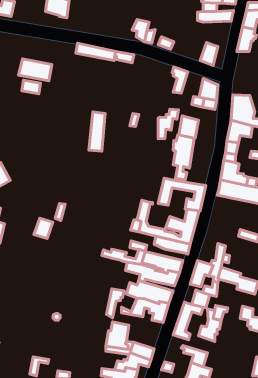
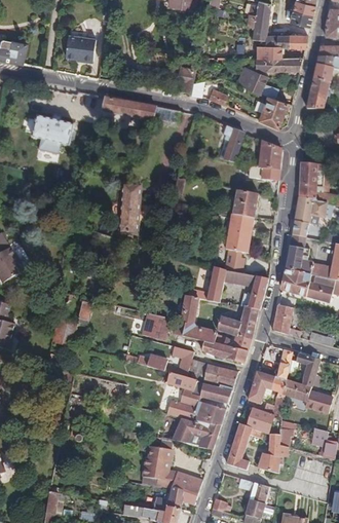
building: none -> [237,67,276,98]
building: [158,109,179,139] -> none
building: none -> [272,303,292,332]
building: none -> [141,311,170,339]
building: none -> [296,352,322,385]
building: [106,289,124,318] -> none

